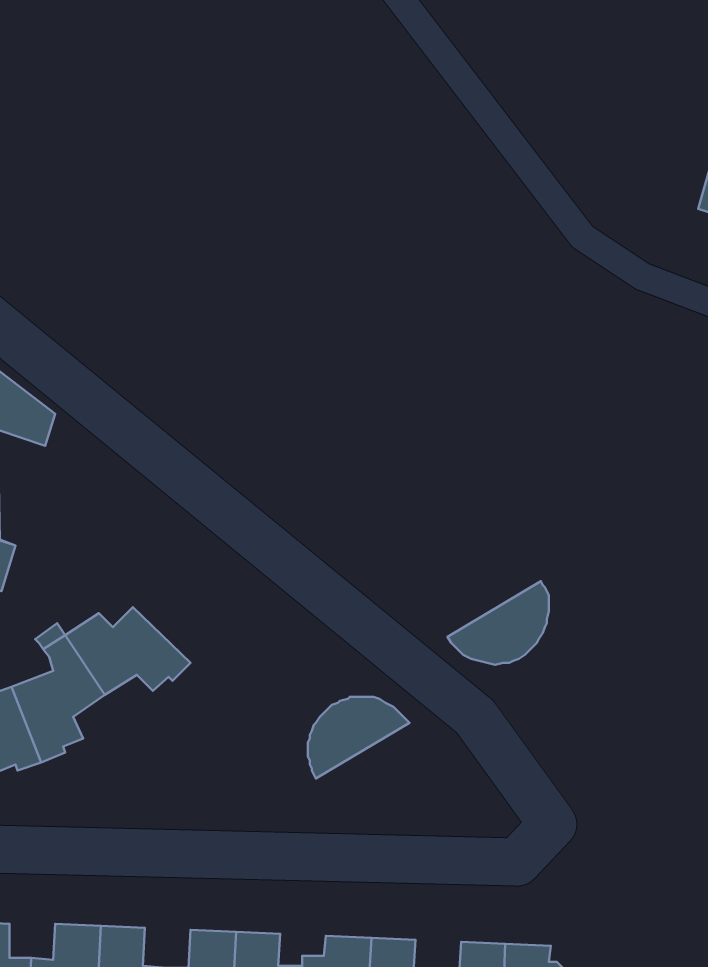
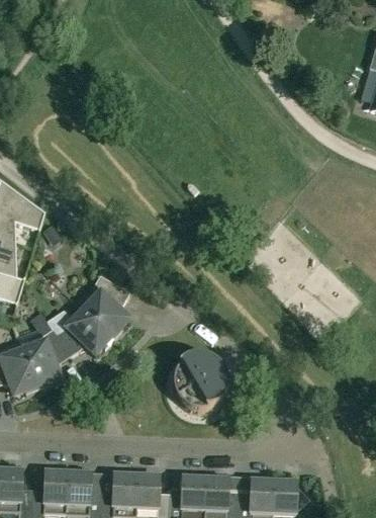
building: none -> [82,273,127,337]
building: [447,581,549,665] -> [175,367,226,410]

